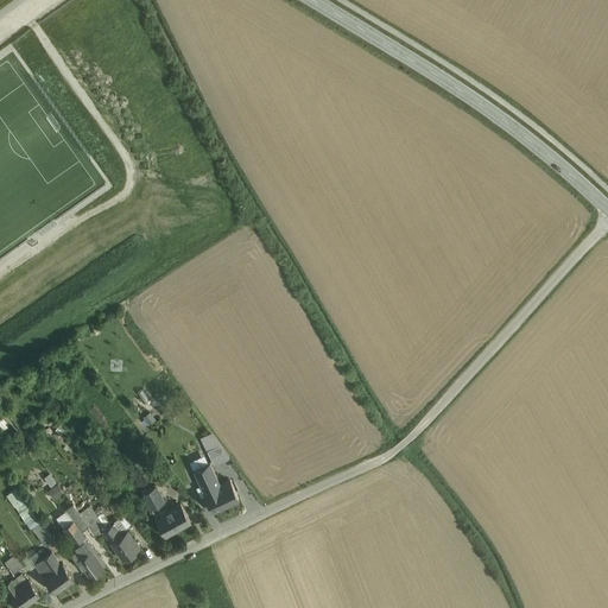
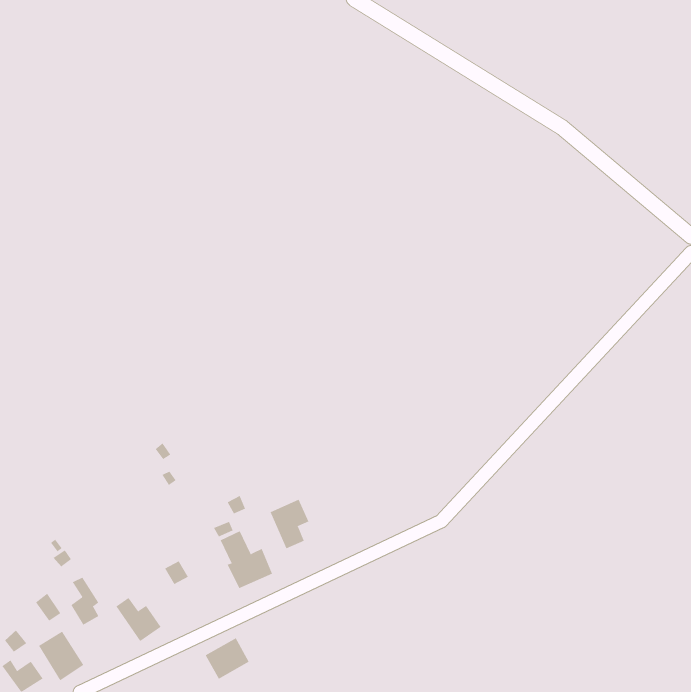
building: none -> [270,499,309,549]
building: [152,502,191,539] -> [205,638,250,680]
building: [70,539,108,578] -> none

